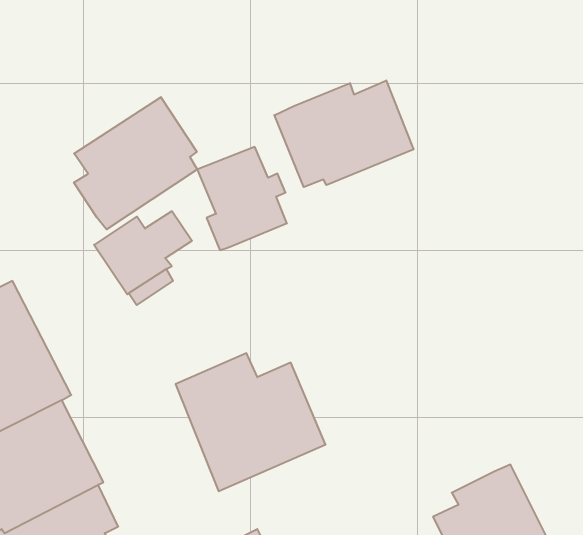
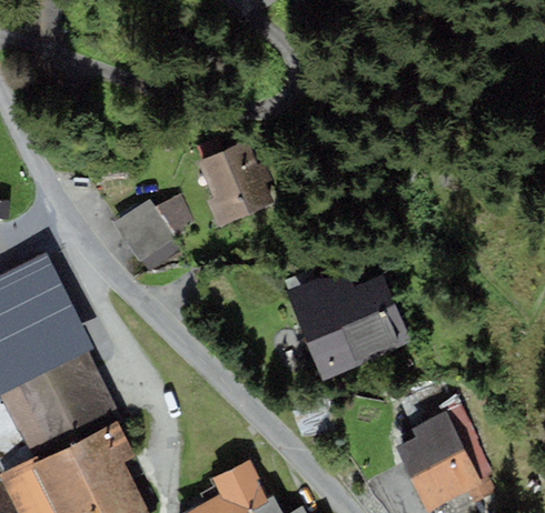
building: [274,80,414,187] -> none
building: [74,97,197,229] -> none
building: [176,353,326,491] -> [287,268,412,382]

